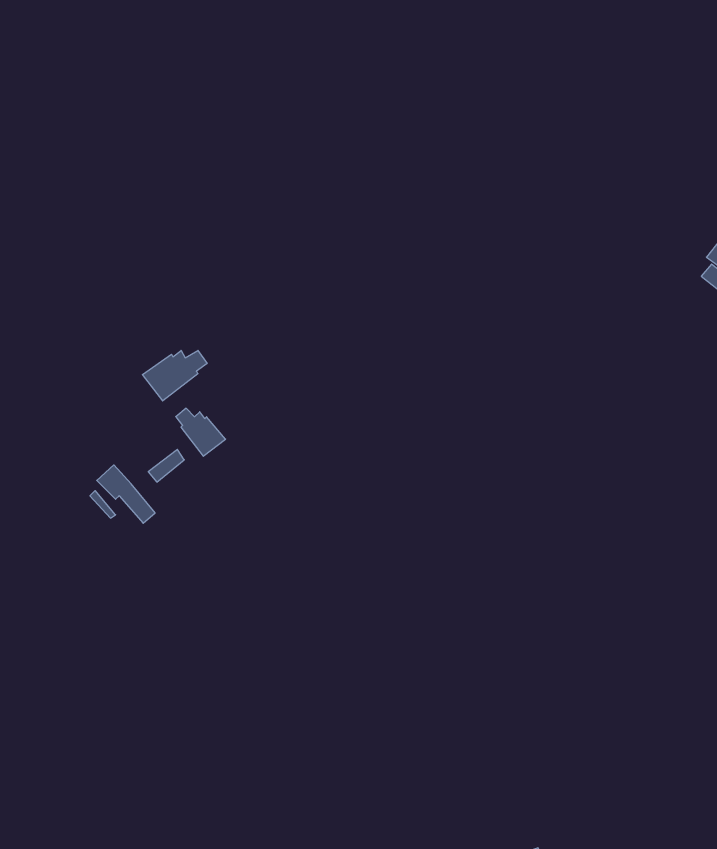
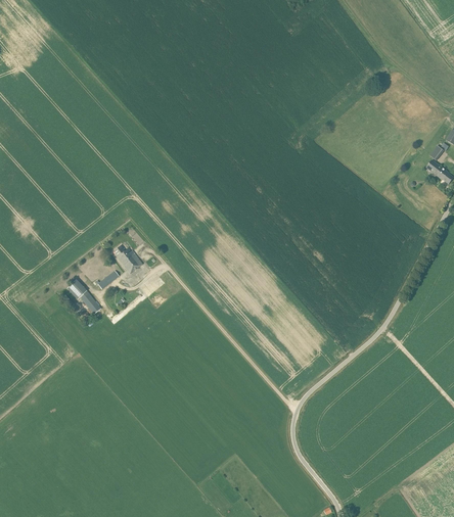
building: [142,350,207,401] -> none

